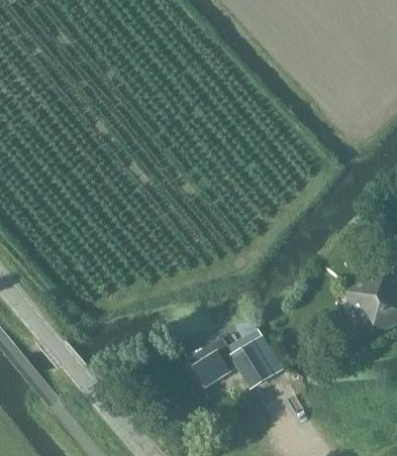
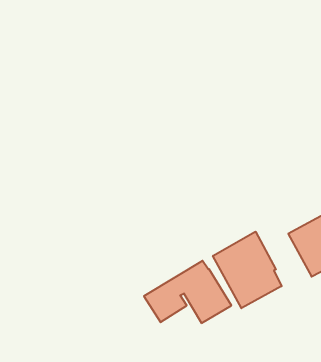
building: none -> [213,232,282,308]

